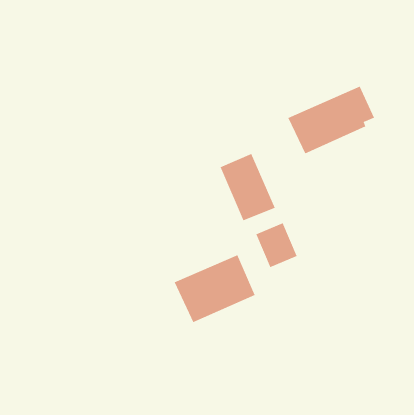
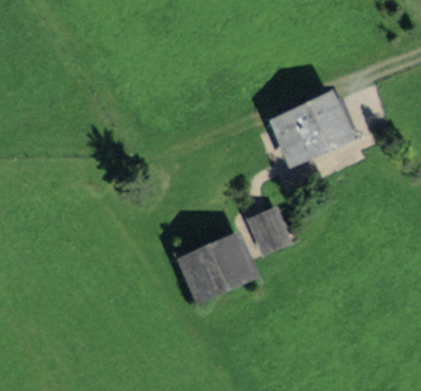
building: [220,153,276,221] -> none

